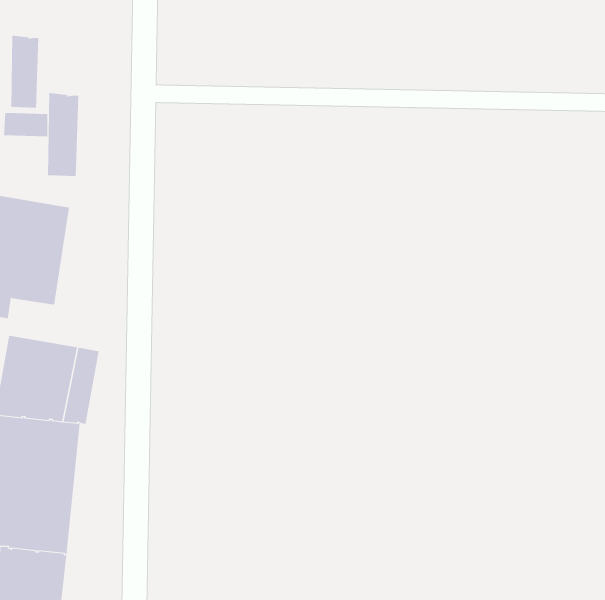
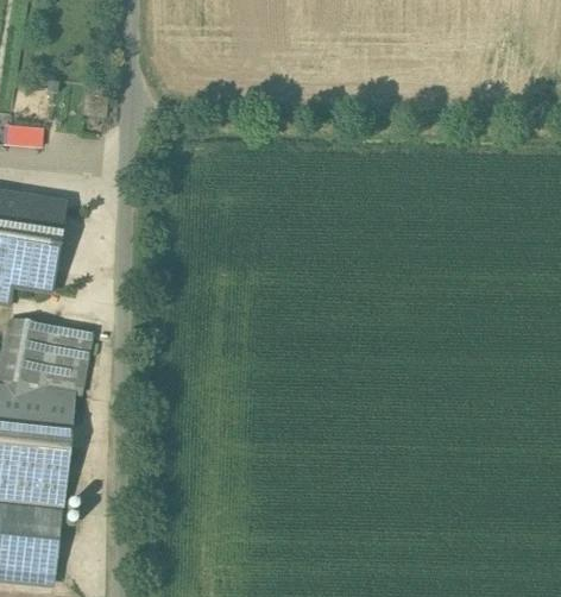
building: [11,35,39,108] -> none
building: [47,92,79,177] -> none

